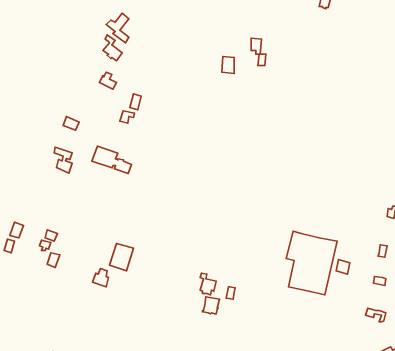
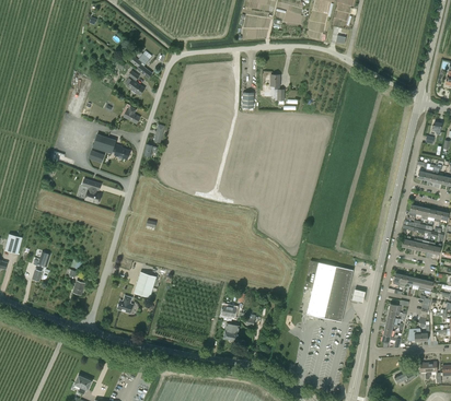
building: [92,146,131,174] -> [92,133,130,160]

